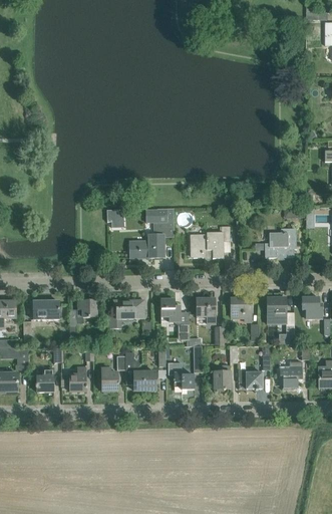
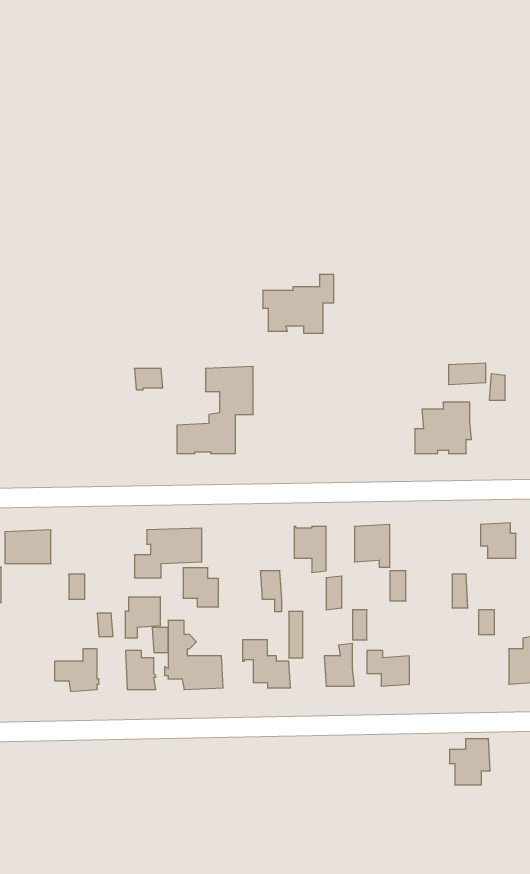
building: [190,225,230,258] -> [263,274,334,333]
building: [267,297,286,323] -> none
building: [160,299,181,321] -> [183,568,219,607]
building: [76,300,96,323] -> [125,597,161,638]
building: [280,361,303,388] -> [449,739,490,785]
building: [35,367,54,392] -> none

